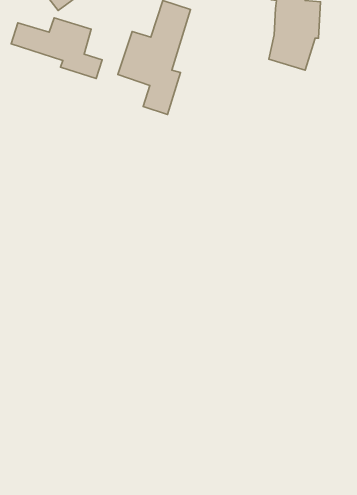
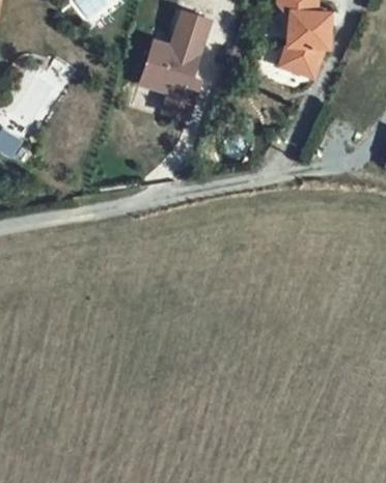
building: [11,18,102,78] -> none

